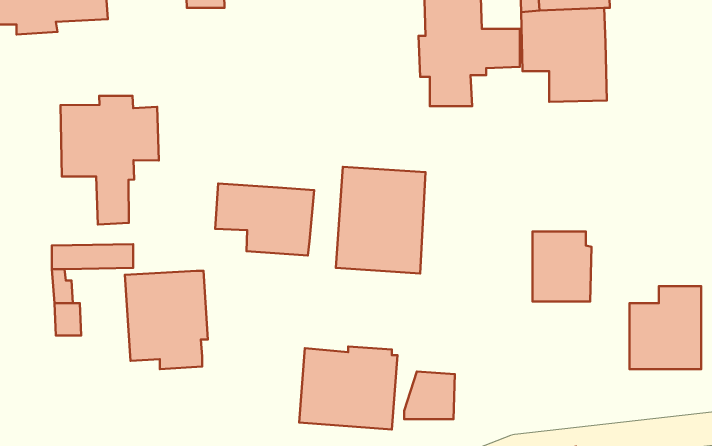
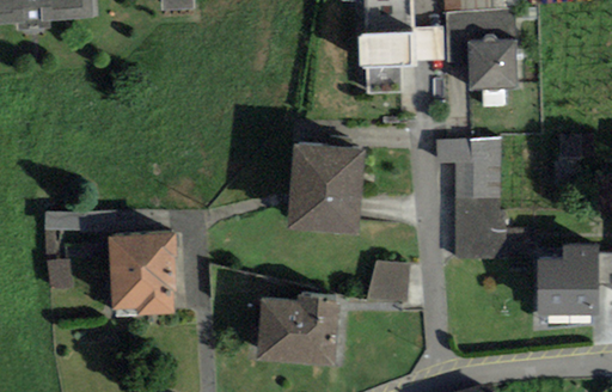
building: [60,96,159,225] -> none
building: none -> [435,136,501,198]
building: [215,183,314,255] -> none
building: [404,371,455,419] -> [366,261,409,301]

